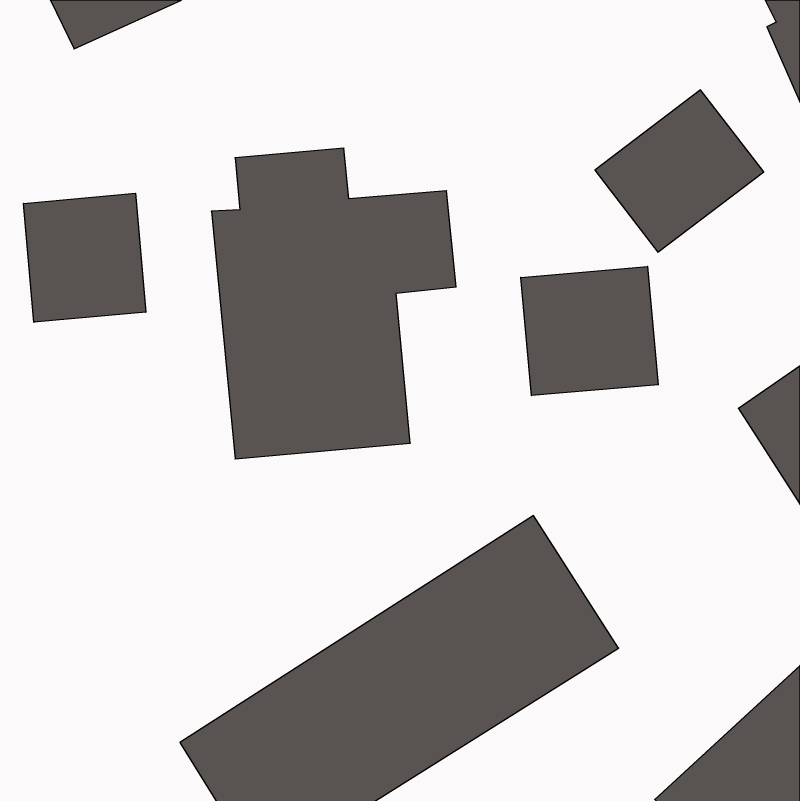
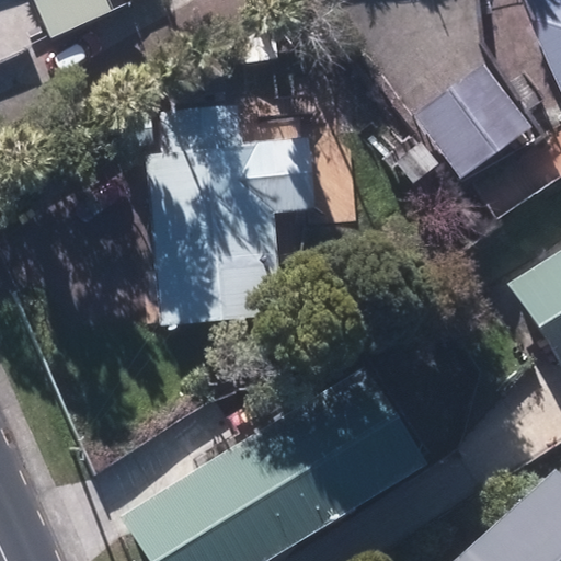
building: [24,193,146,322] -> none
building: [521,266,658,396] -> none

